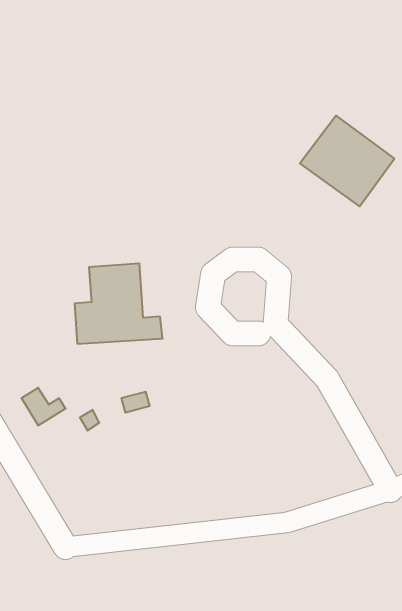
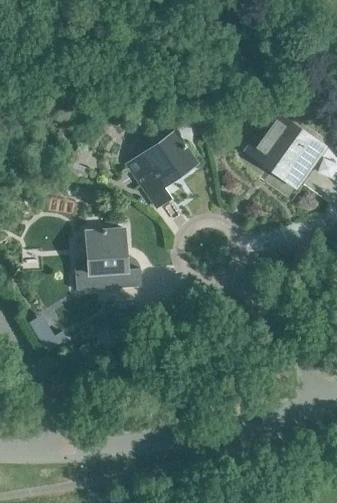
building: none -> [128,131,197,207]

